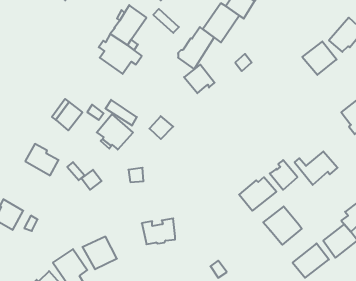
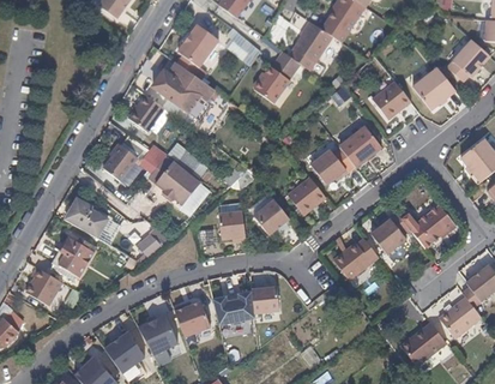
building: none -> [373,82,410,120]
building: none -> [128,94,164,131]
building: [184,65,215,93] -> [309,150,348,186]
building: none -> [340,127,384,169]
building: none -> [285,176,326,216]
building: none -> [253,199,289,234]
building: none -> [217,210,245,241]
building: none -> [53,236,93,276]
building: [263,206,302,245] -> none
building: none -> [250,286,278,313]
building: none -> [173,300,209,335]

